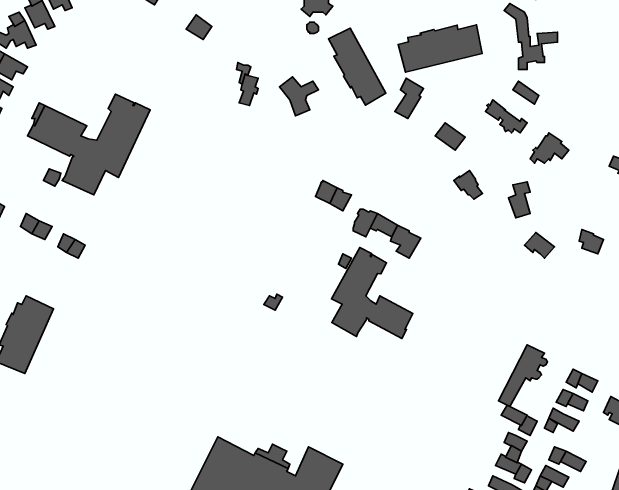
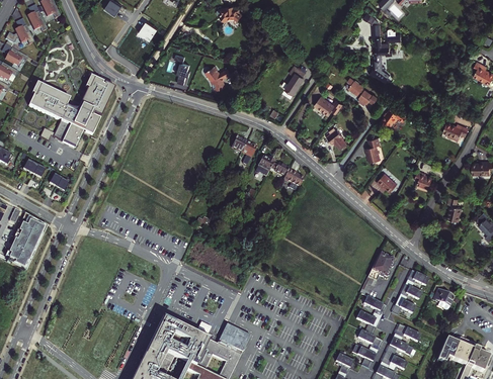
building: [398,25,482,72] -> none
building: [328,28,386,105] -> none
building: [331,248,413,339] -> none

